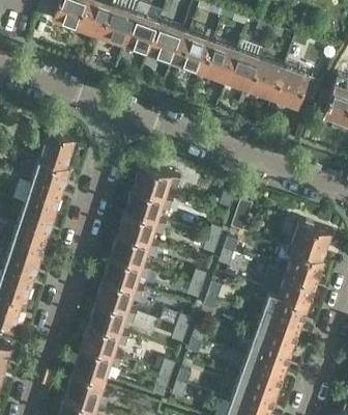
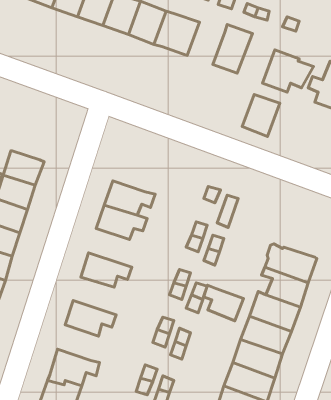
building: [202,43,237,82] -> none
building: [249,60,284,100] -> [242,94,280,137]
building: [38,136,74,171] -> none
building: [133,168,179,201] -> none
building: [289,225,330,262] -> none
building: [110,236,157,269] -> none
building: [95,281,143,313] -> none
building: none -> [204,285,243,321]
building: [81,326,128,359] -> none

